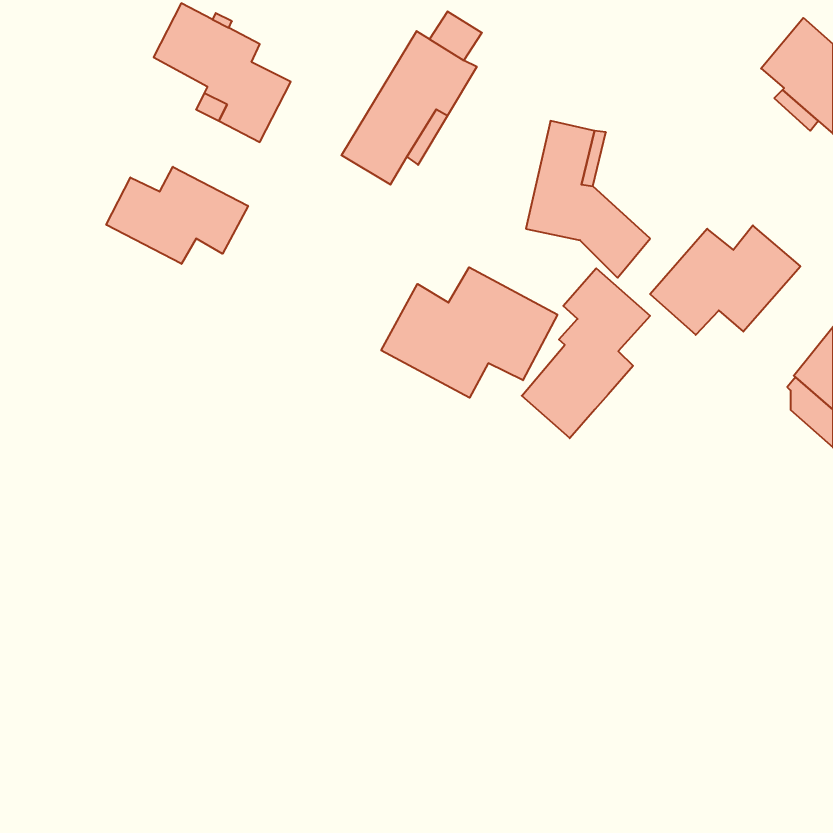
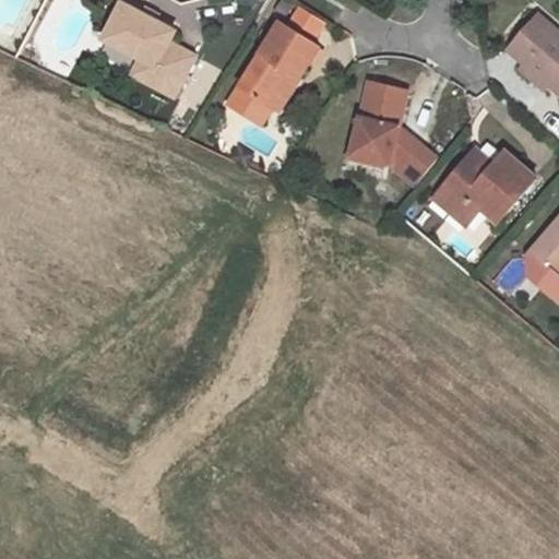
building: [106,167,248,264] -> none
building: [381,267,557,398] -> none
building: [522,268,650,438] -> none

